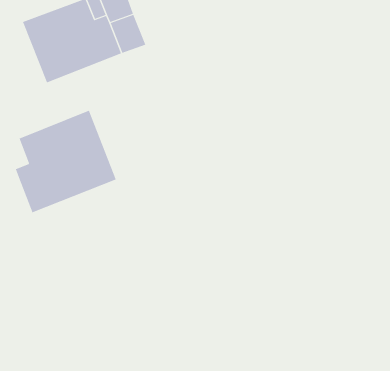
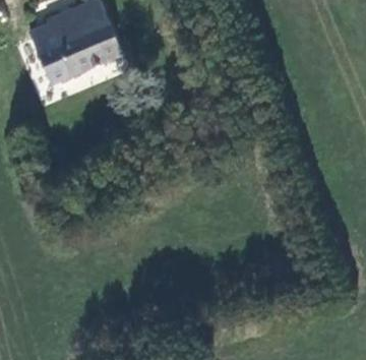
building: [15,110,116,213] -> none

